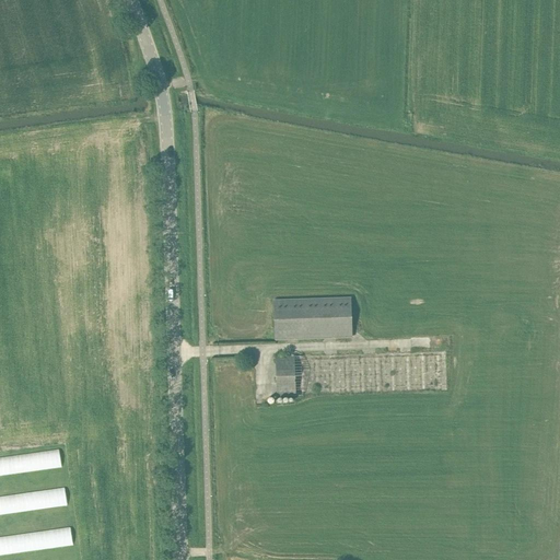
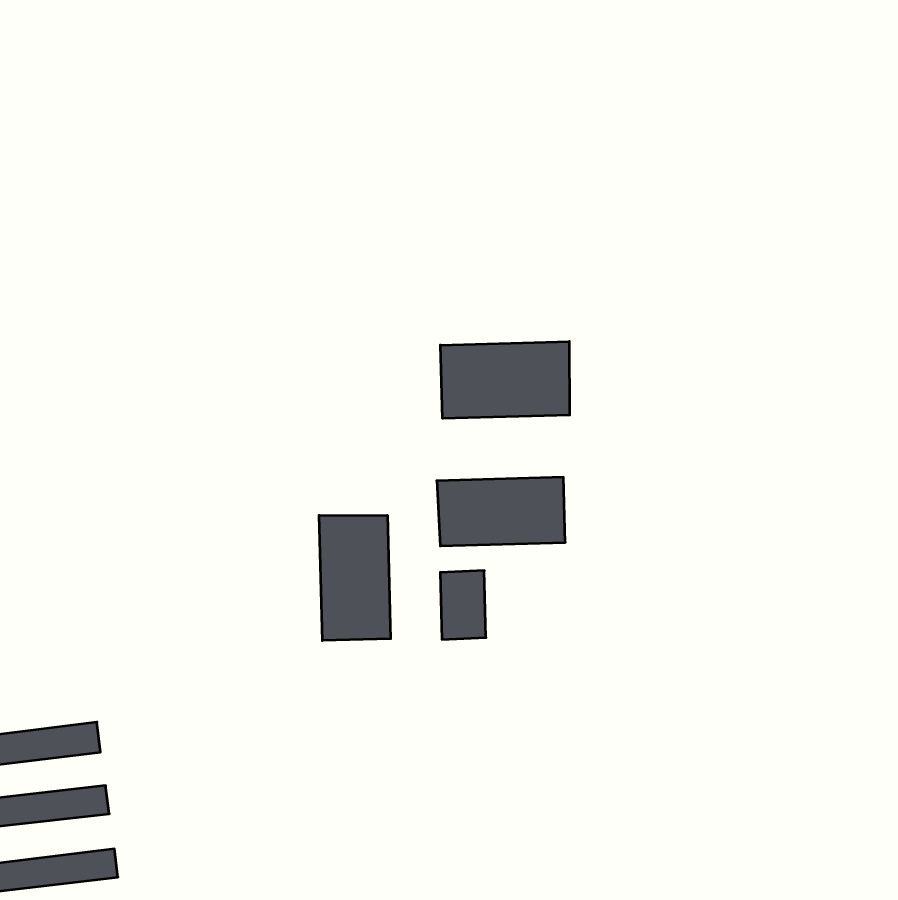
building: none -> [440,341,570,418]
building: none -> [319,515,391,641]

